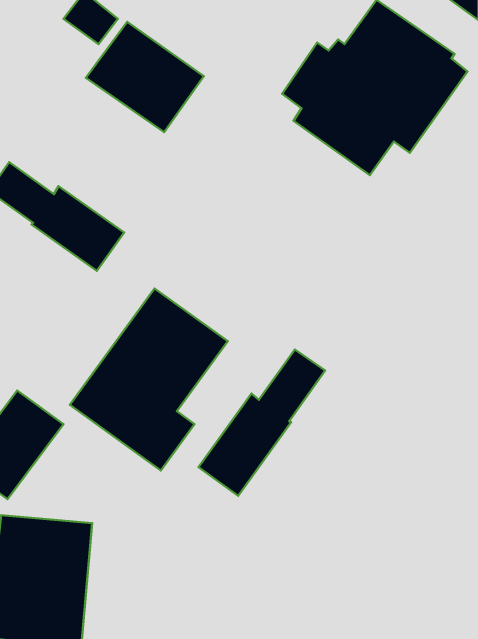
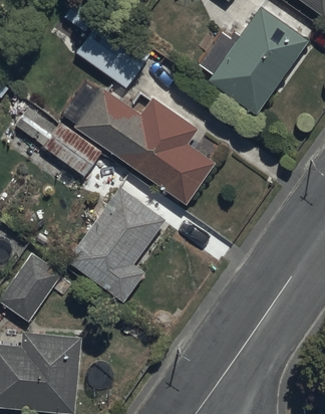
building: none -> [71,82,215,202]
building: [198,349,325,496] -> none

